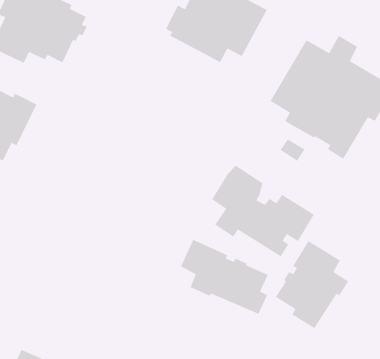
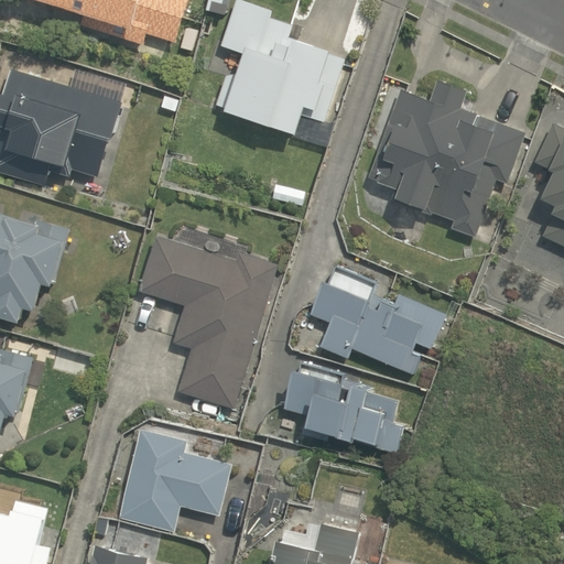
building: none -> [138,235,278,408]
building: [275,240,349,329] -> none
building: none -> [119,430,232,533]

